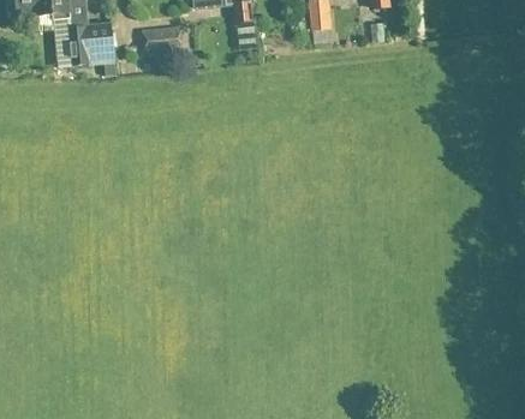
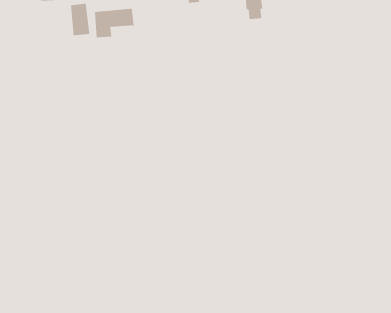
building: [65,23,94,64] -> none

